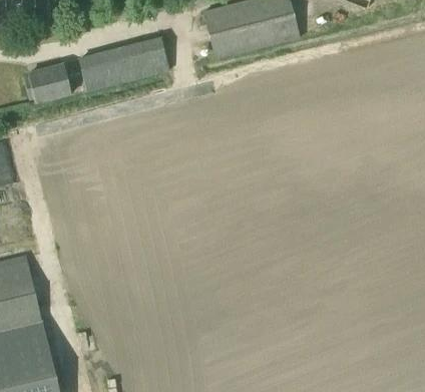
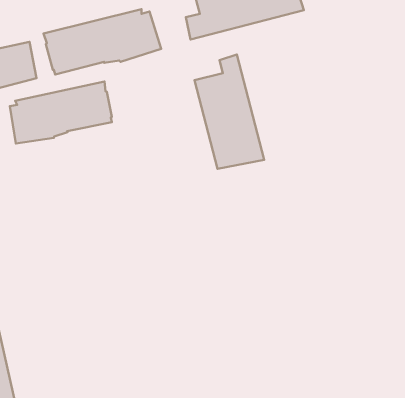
building: none -> [195,55,264,169]
building: none -> [10,82,112,144]

